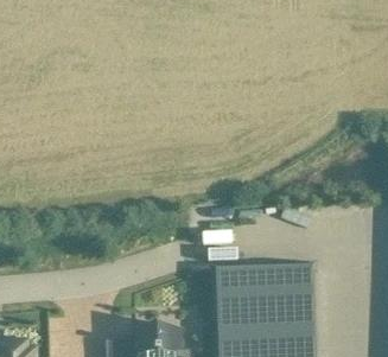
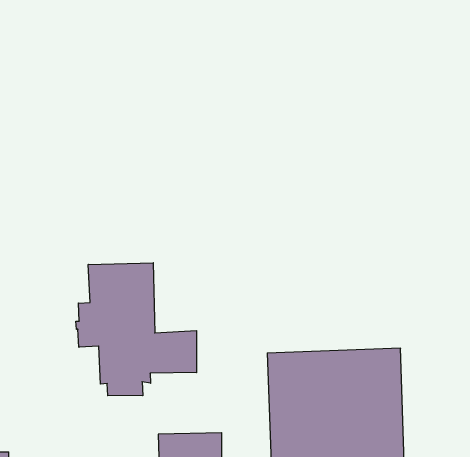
building: none -> [76,263,197,396]

